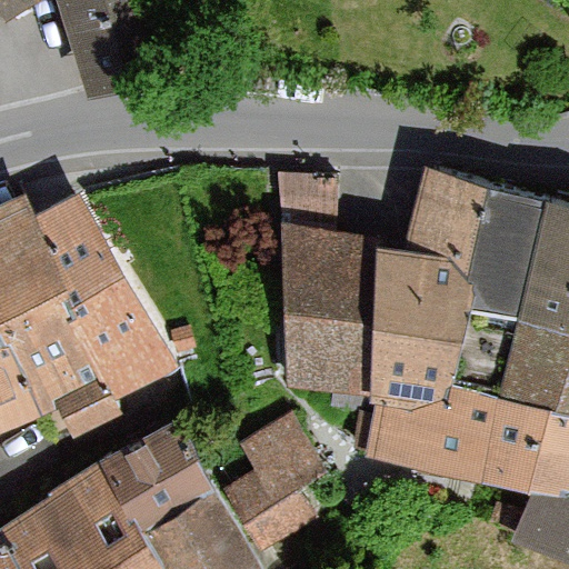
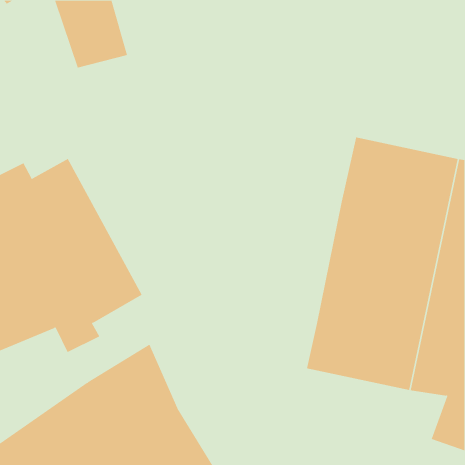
building: [283,178,412,397] -> none
building: [224,421,322,553] -> none

